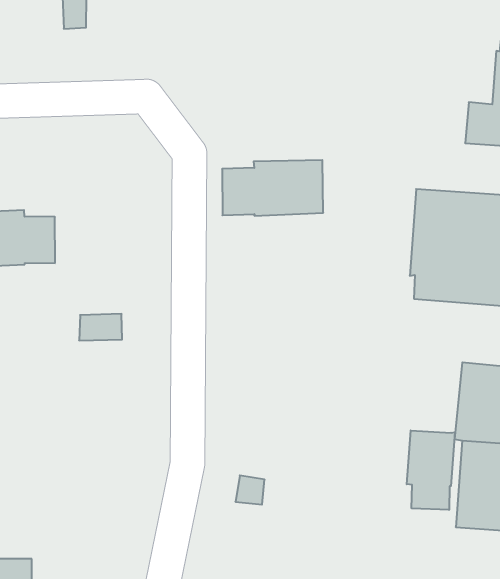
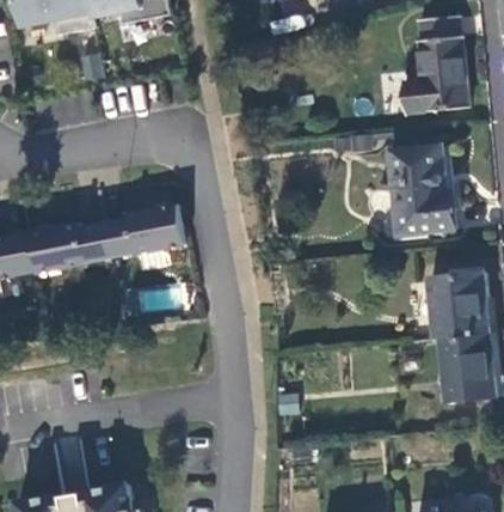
building: [222,160,323,216] -> [104,202,185,256]
building: [407,430,455,510] -> none

